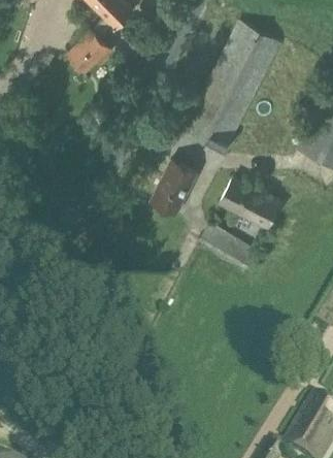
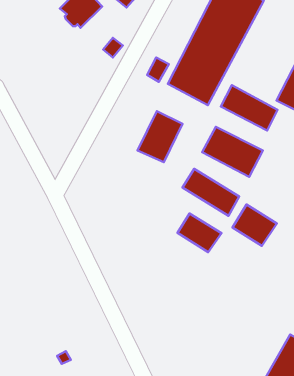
building: none -> [221,85,277,131]
building: none -> [232,205,277,246]
building: none -> [178,214,221,252]

